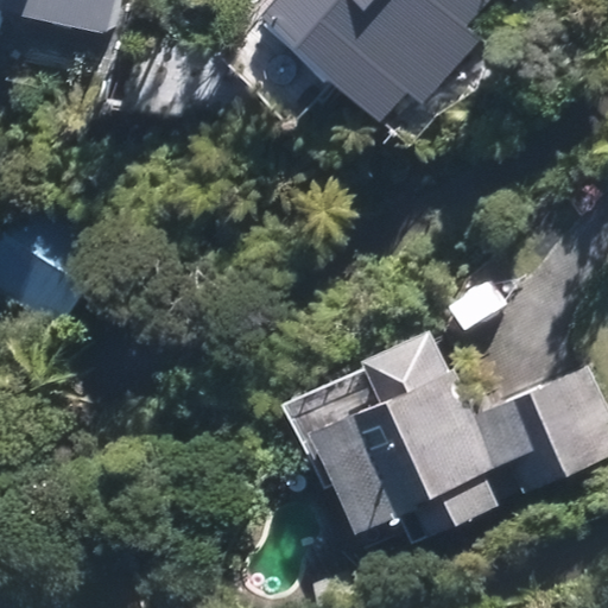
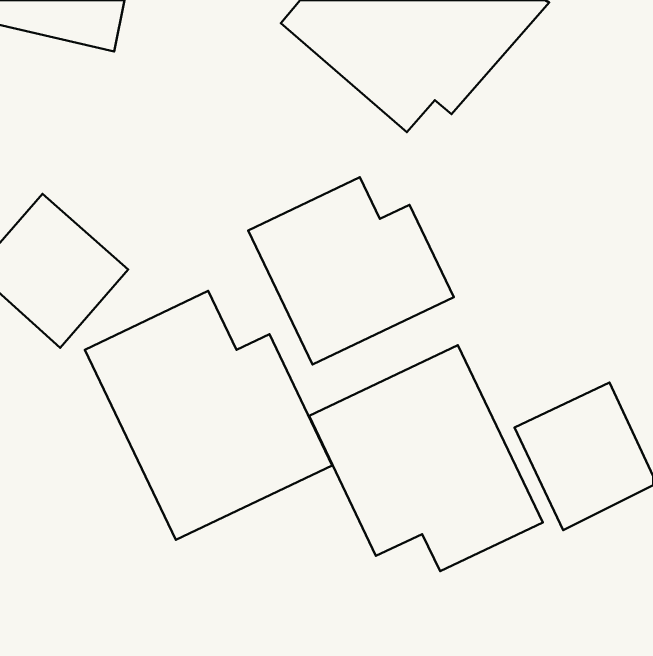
building: none -> [248,177,454,364]
building: none -> [85,291,332,540]

